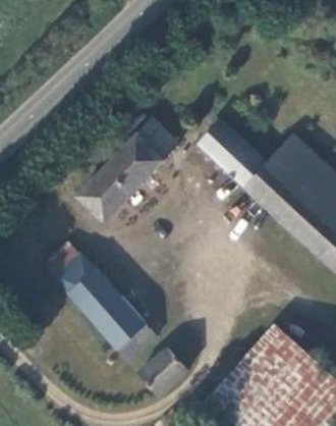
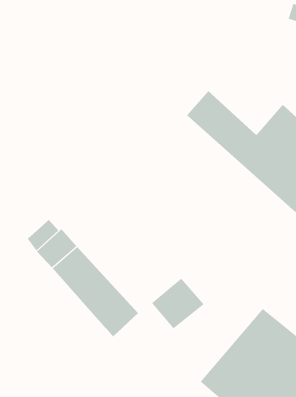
building: [78,110,175,218] -> none
building: [136,349,188,398] -> [151,278,205,329]

